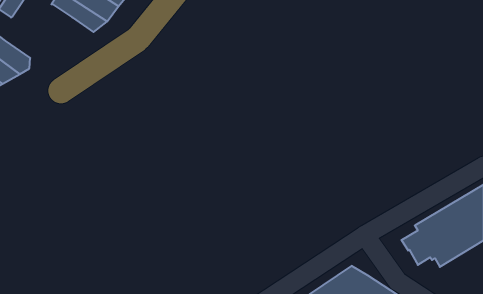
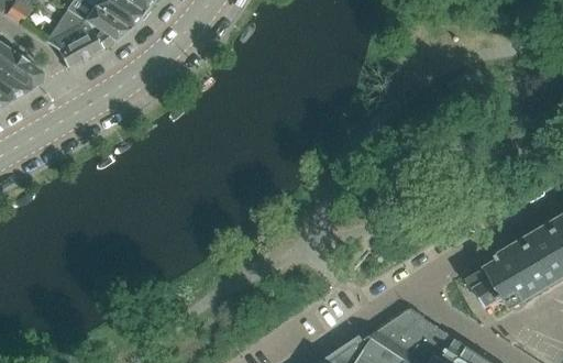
building: none -> [43,11,100,69]

